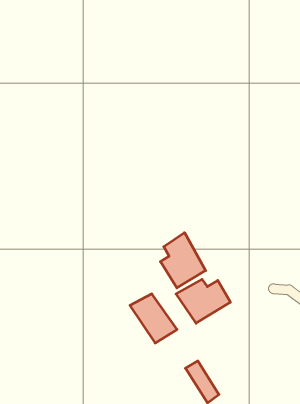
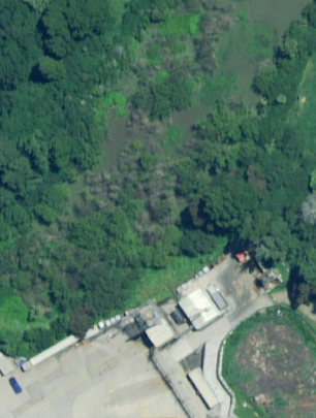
building: [160,233,206,288] -> none

